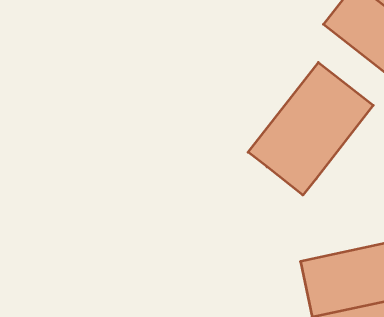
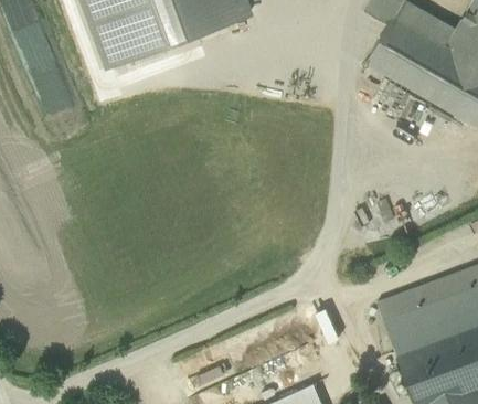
building: [248,62,373,195] -> none

